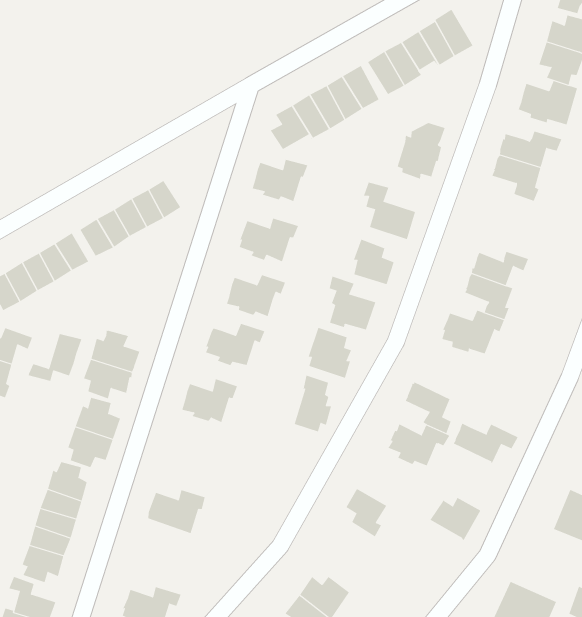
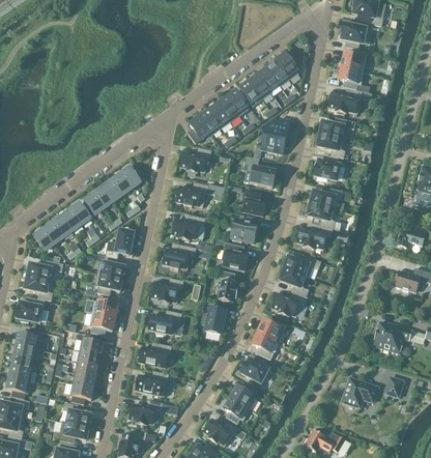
building: none -> [314,155,340,180]
building: [28,333,82,381] -> [105,230,134,258]
building: [453,423,518,464] -> [284,255,321,278]
building: none -> [203,300,226,334]
building: none -> [148,310,181,335]
building: [430,497,481,541] -> [257,318,286,343]
building: none -> [240,355,268,382]
building: none -> [136,371,168,396]

